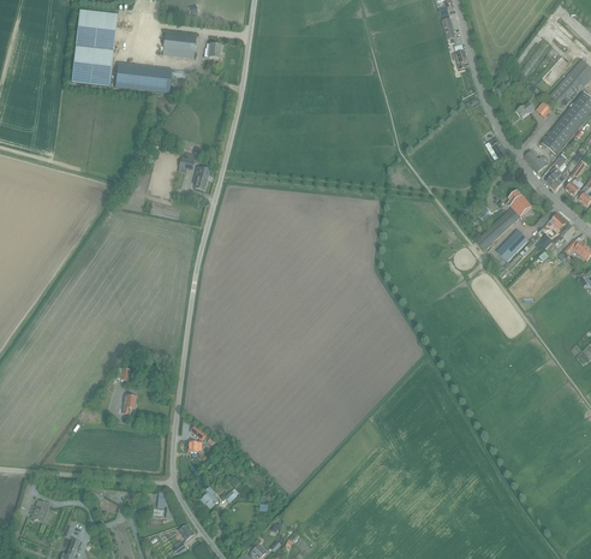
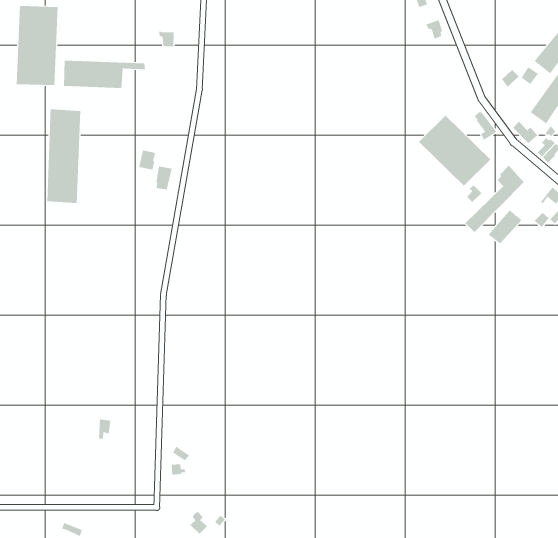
building: [162,35,196,58] -> none
building: none -> [47,109,81,204]
building: none -> [418,115,491,187]

